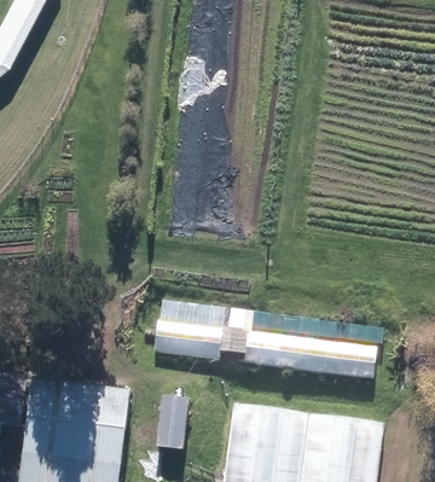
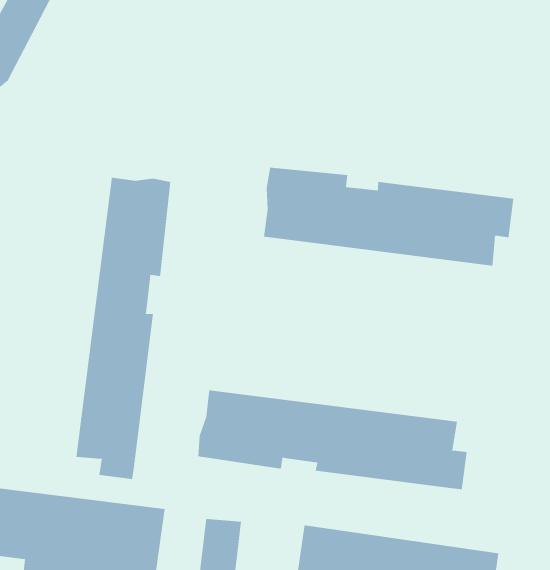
building: none -> [263,167,514,266]
building: none -> [76,177,171,480]

